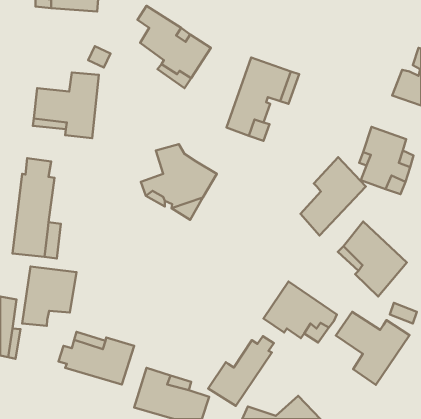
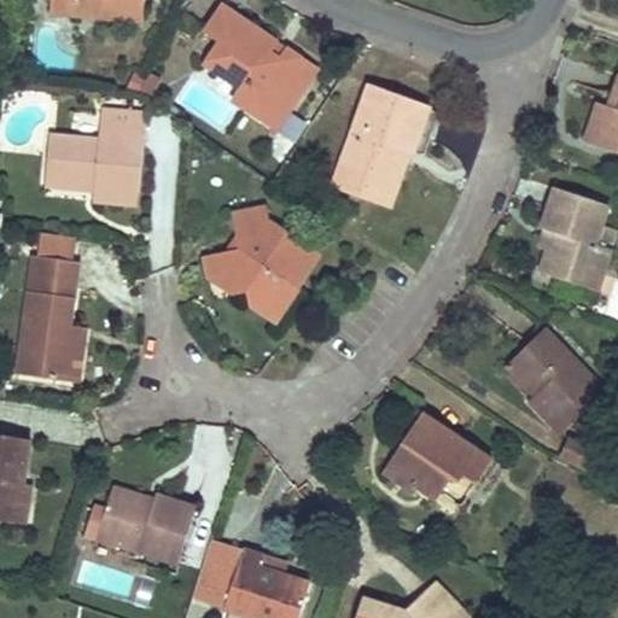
building: [301,157,366,236] -> none
building: [22,267,77,326] -> none
building: [336,312,410,385] -> none
building: [208,336,274,406] -> none

